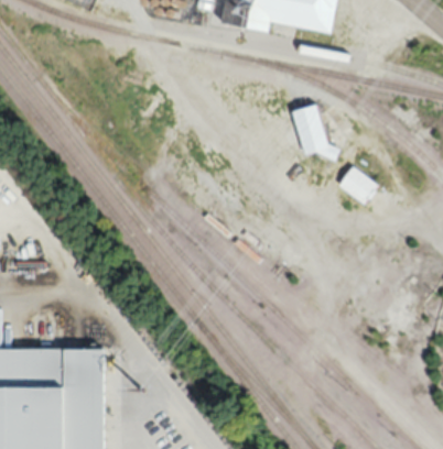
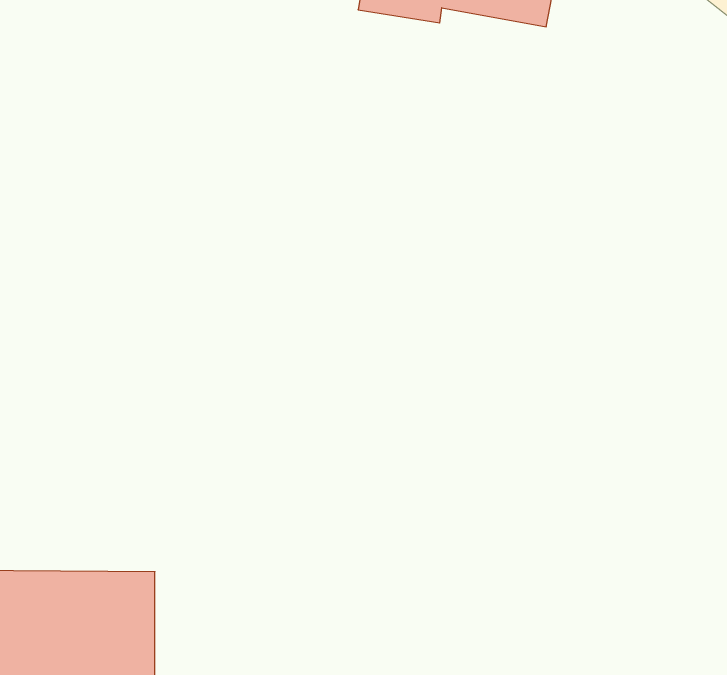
building: [294,106,337,157] -> none
building: [338,166,379,205] -> none

